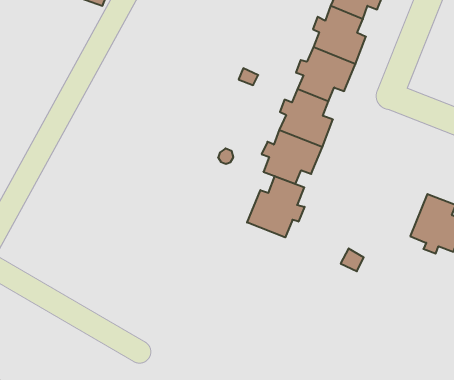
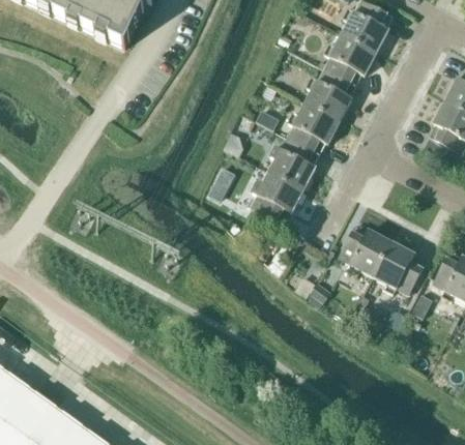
building: [247,176,305,237] -> none
building: none -> [339,228,391,275]

